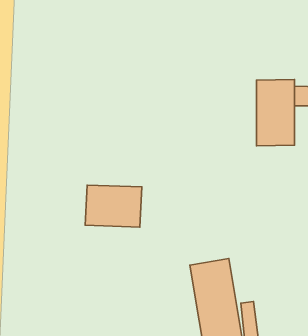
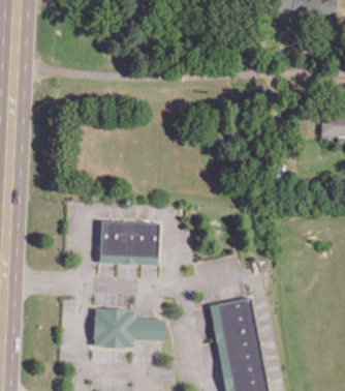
building: [257,79,295,146] -> none
building: none -> [94,308,164,348]

